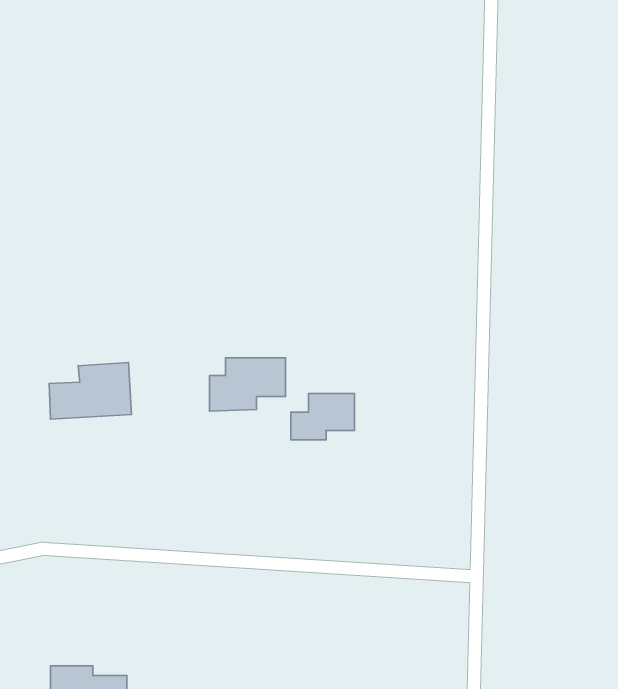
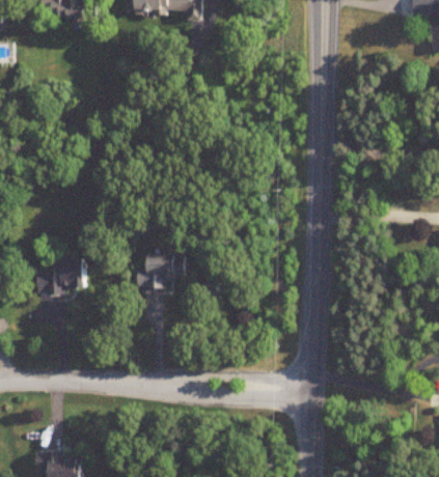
building: [291,393,355,440] -> none

